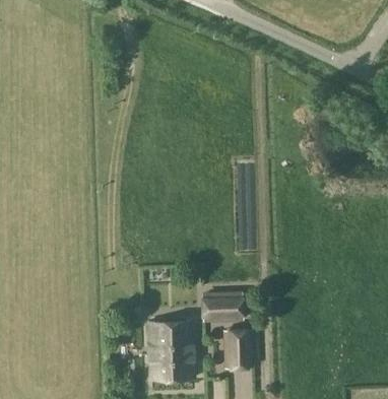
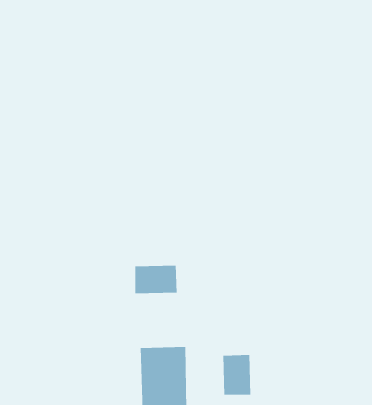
building: [203,294,243,321] -> [135,265,178,294]

